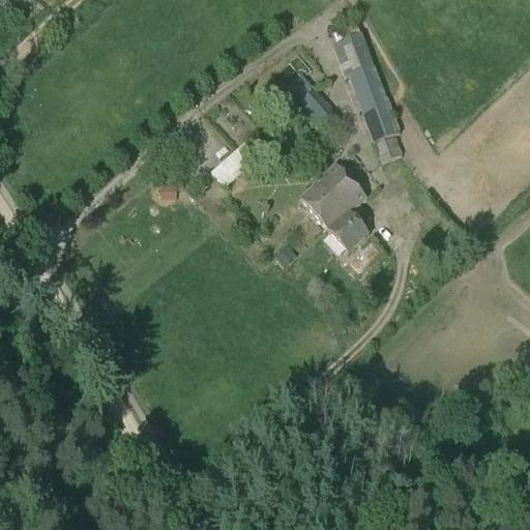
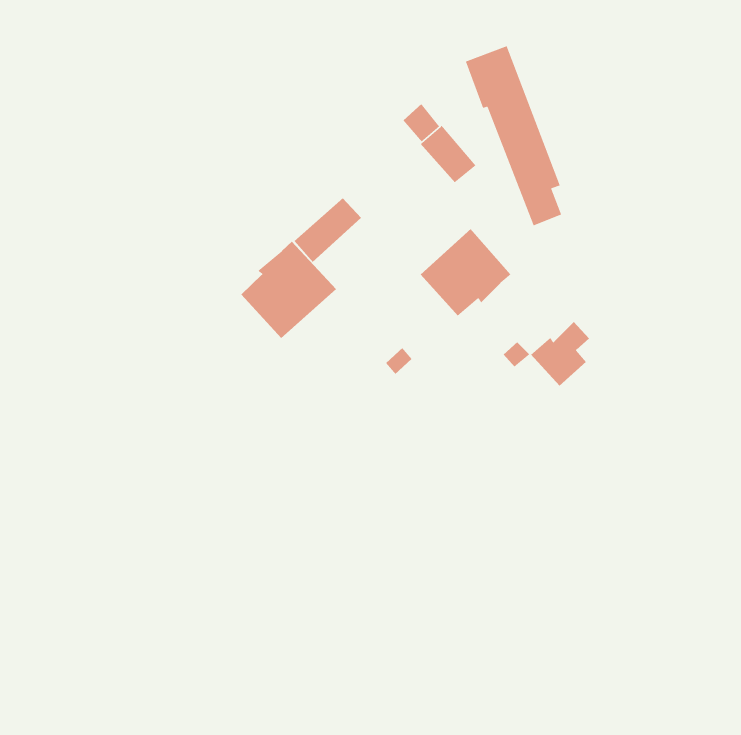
building: none -> [240,241,337,339]
building: [326,202,369,248] -> [530,321,590,386]

